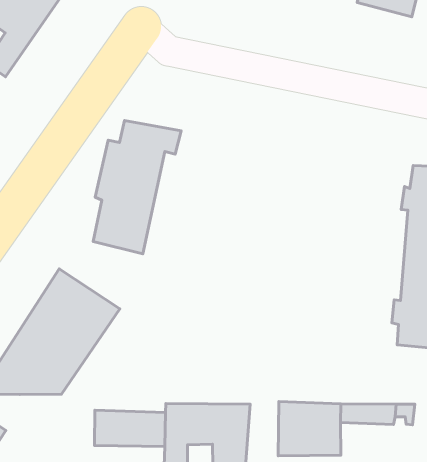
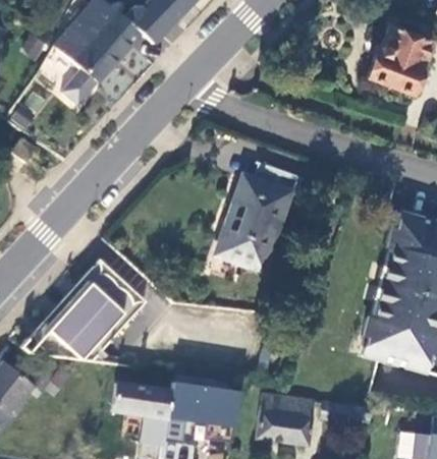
building: [93,120,181,254] -> [221,163,304,273]

